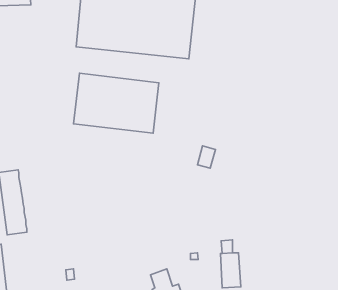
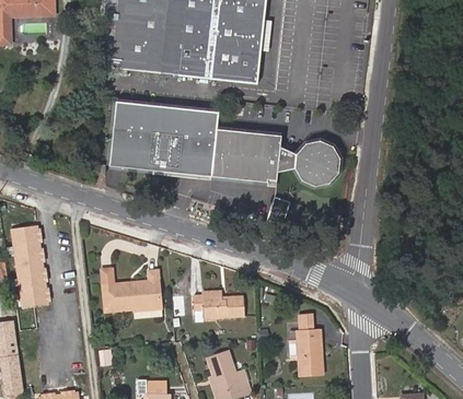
building: none -> [210,131,339,190]
building: none -> [100,268,162,312]
building: none -> [194,295,243,318]

